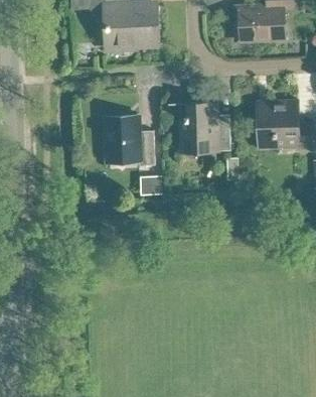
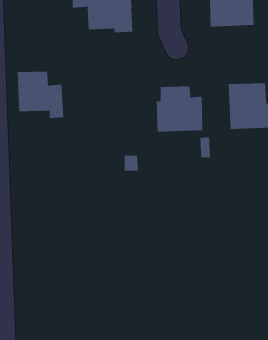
building: [105,116,155,166] -> [17,71,64,118]

